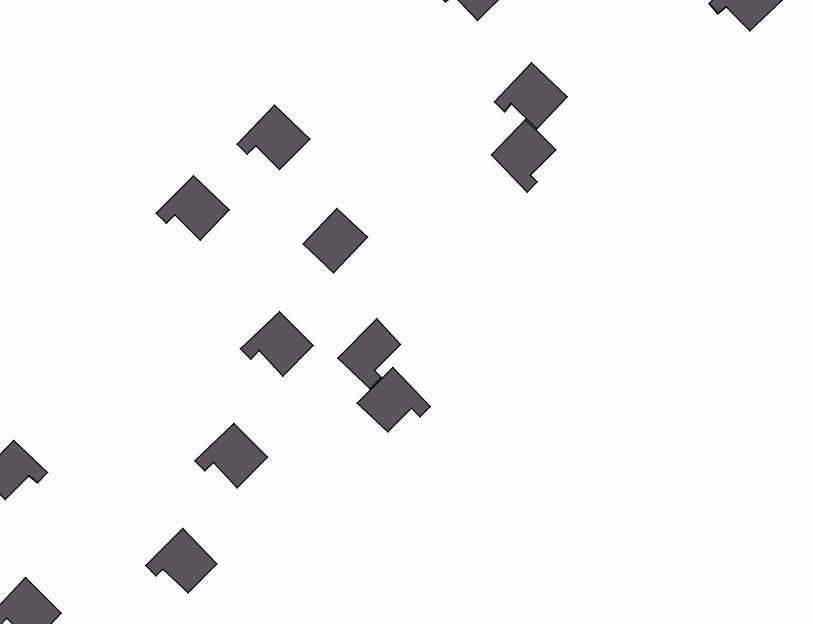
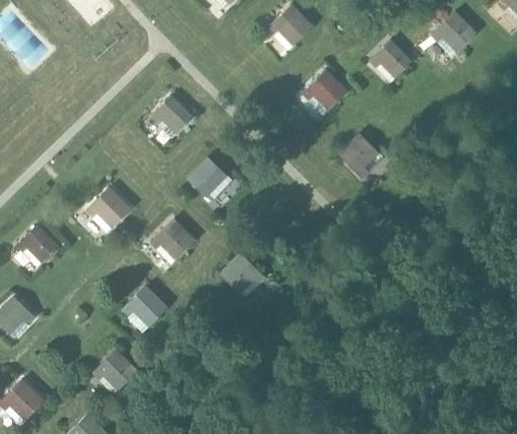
building: none -> [370,41,410,76]
building: [491,119,556,192] -> [339,133,378,177]
building: [156,176,229,240] -> [86,188,130,227]
building: [338,319,401,389] -> none
building: none -> [16,226,57,261]

